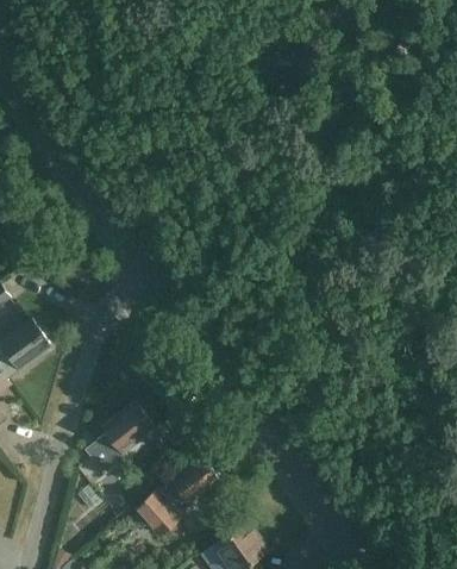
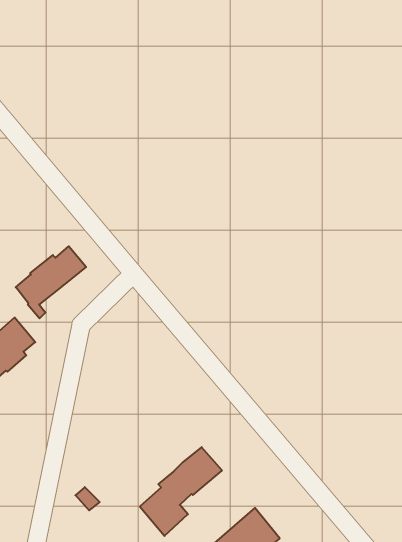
building: none -> [16,246,86,318]
building: [79,404,154,483] -> none

